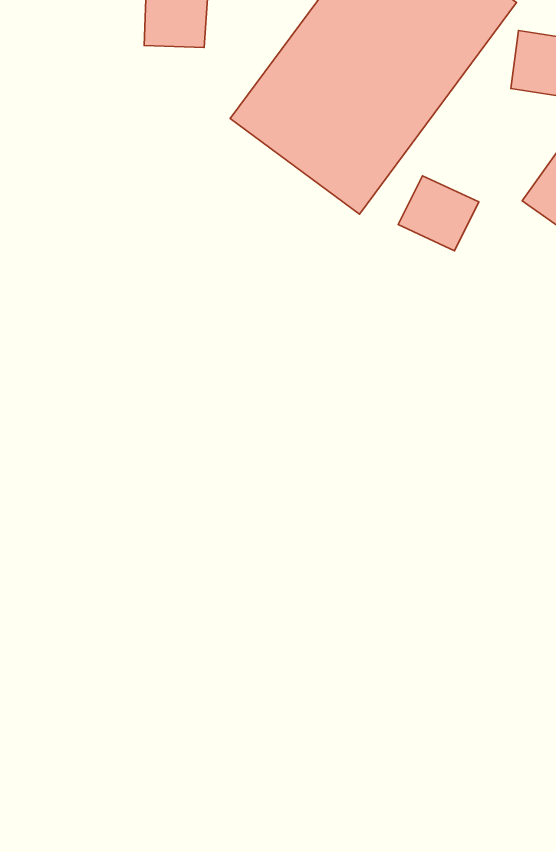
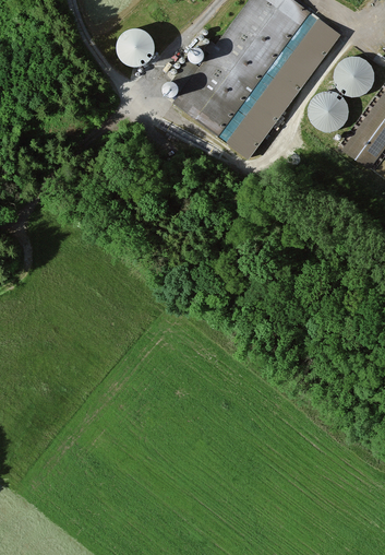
building: [398,176,479,251] -> [309,86,356,130]

